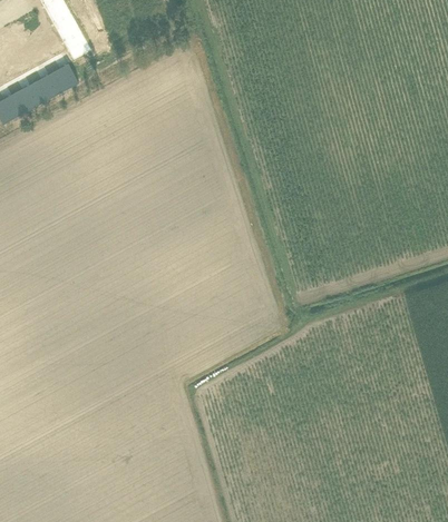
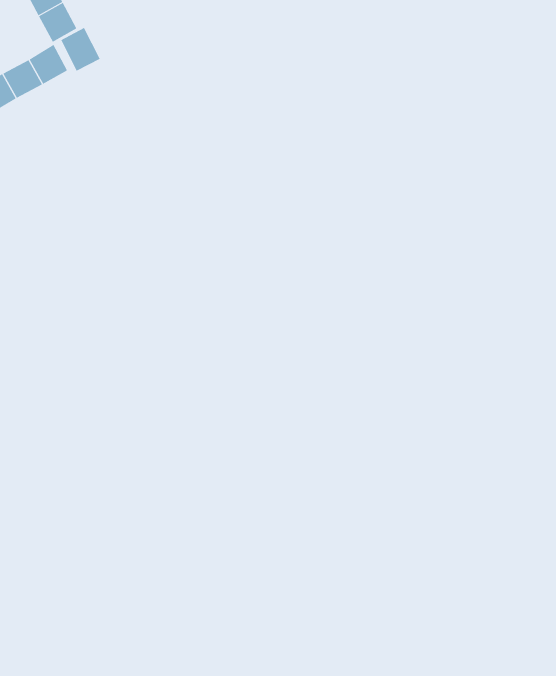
building: none -> [60,27,100,72]

